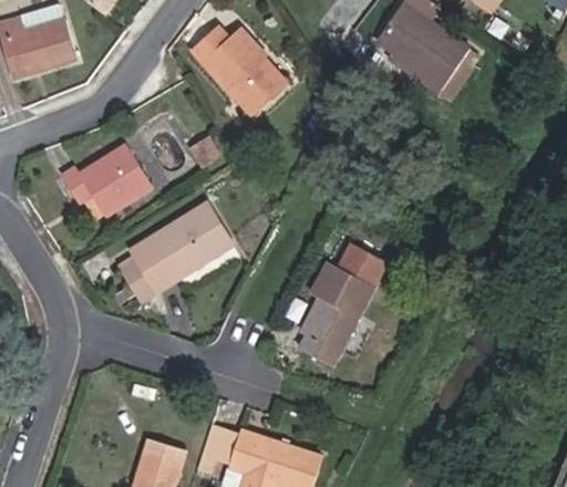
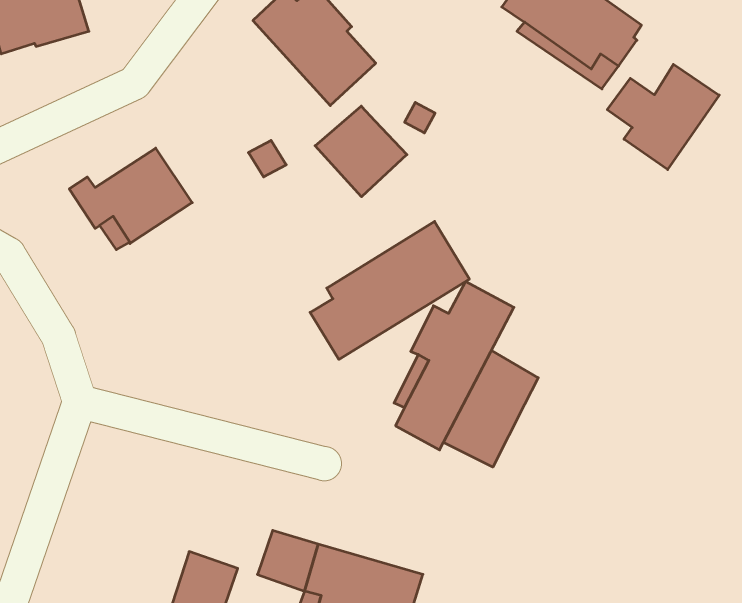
building: none -> [607,64,719,170]
building: none -> [315,106,407,197]
building: [117,201,234,302] -> [310,221,469,359]
building: none -> [443,350,538,467]

